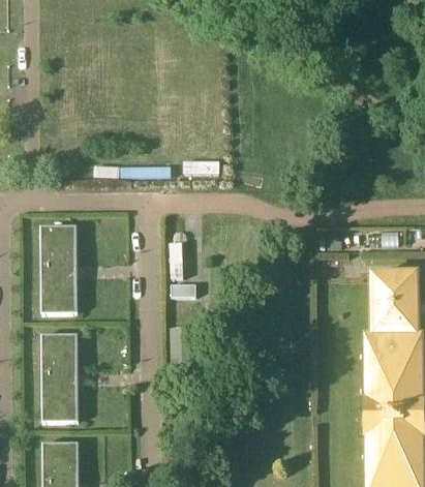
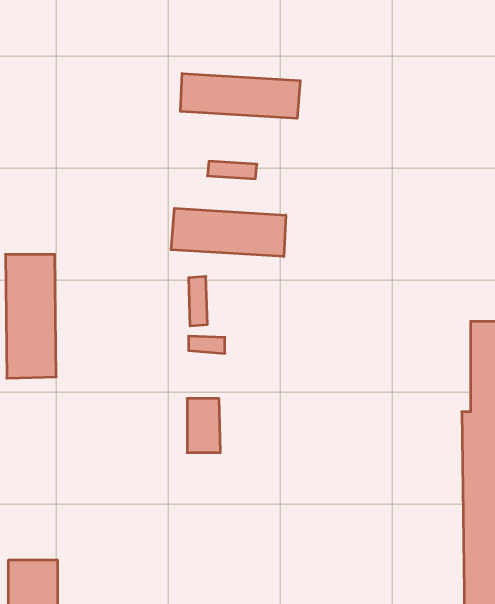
building: none -> [180,73,300,118]
building: none -> [171,208,286,257]
building: [41,334,78,421] -> none

